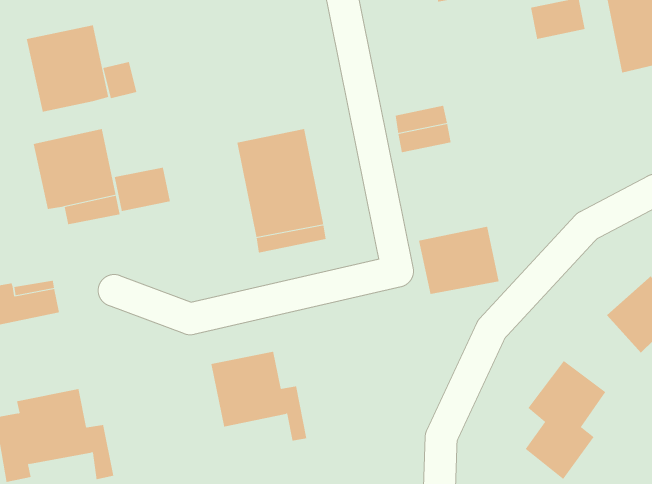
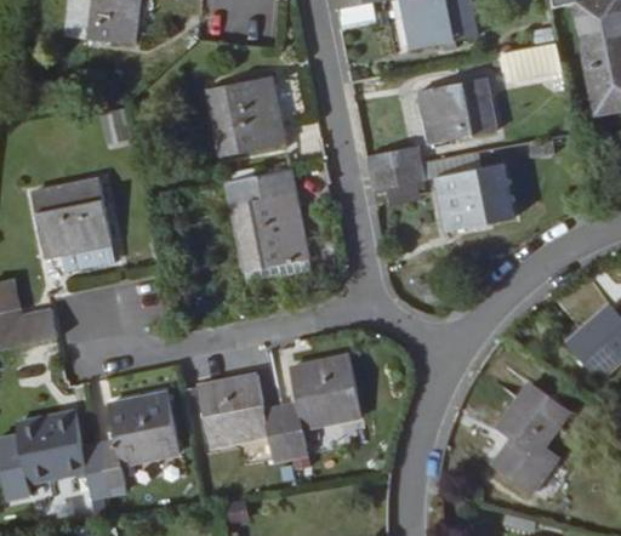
building: [26,25,109,113] -> none
building: none -> [206,76,284,158]
building: none -> [422,78,497,143]
building: [114,167,170,212] -> none
building: [418,226,499,294] -> [439,165,515,229]
building: none -> [281,359,363,460]
building: none -> [99,395,180,495]

